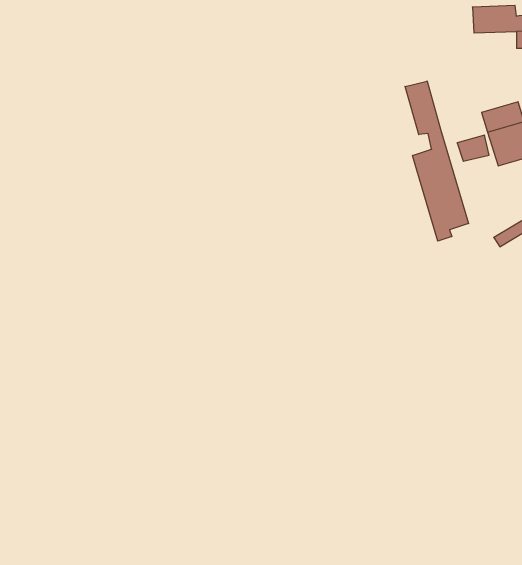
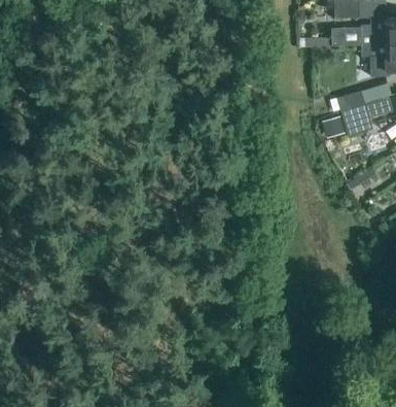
building: [405,81,469,241] -> none

